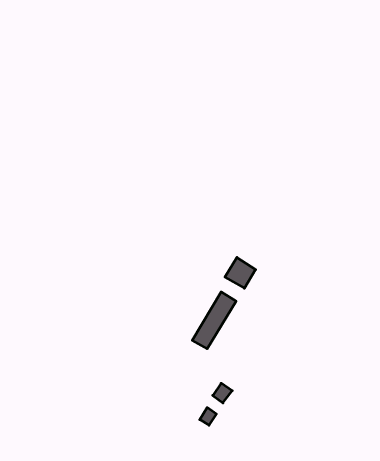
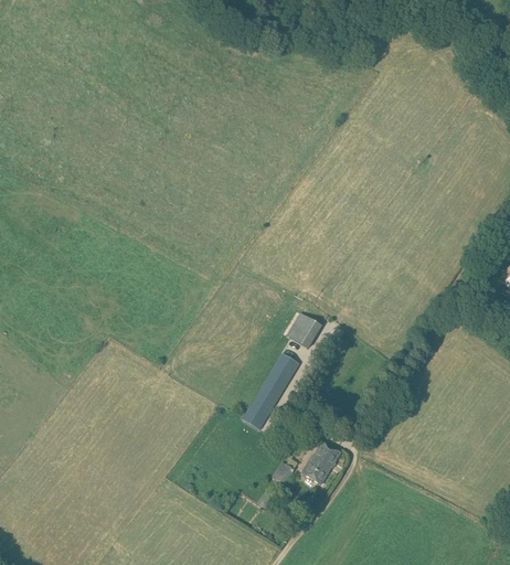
building: none -> [301,441,340,484]

